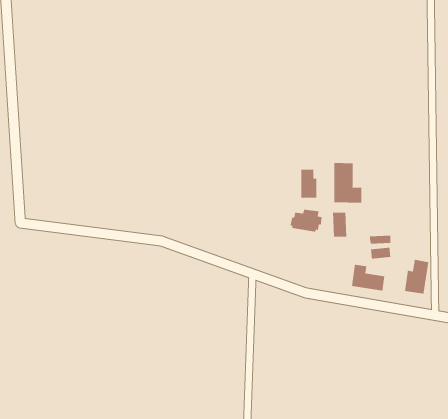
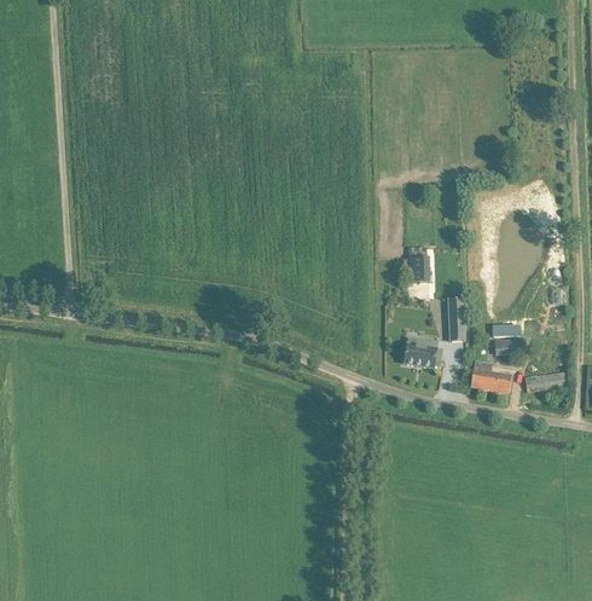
building: [334,162,362,204] -> none
building: [289,209,322,232] -> [401,340,441,368]

